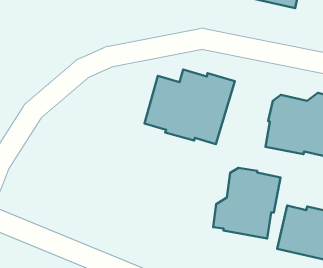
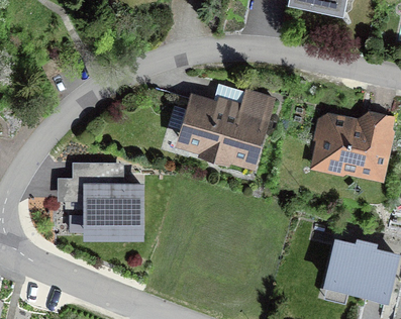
building: none -> [58,164,144,238]
building: [213,168,281,239] -> none

